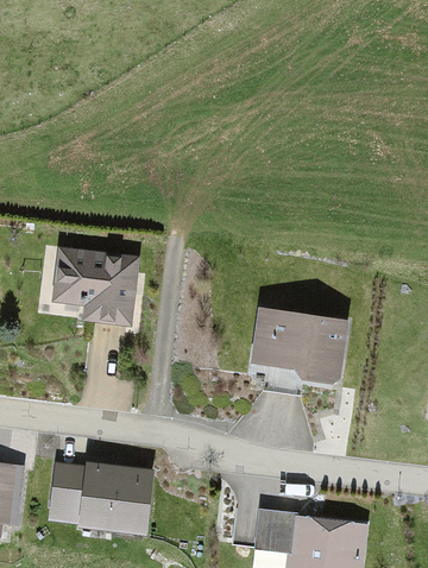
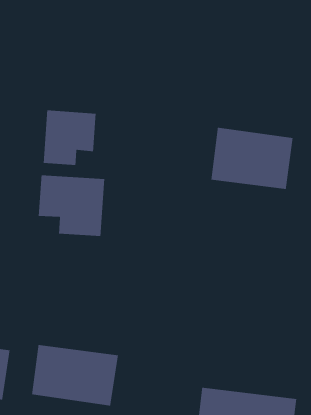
building: none -> [43,110,96,166]
building: [246,305,347,383] -> [210,127,293,190]

